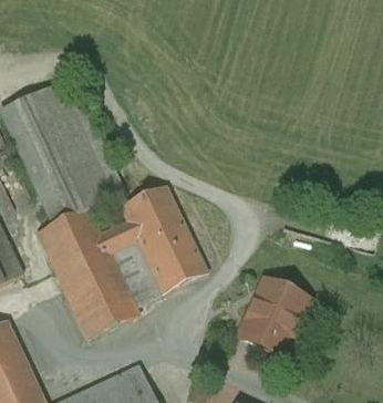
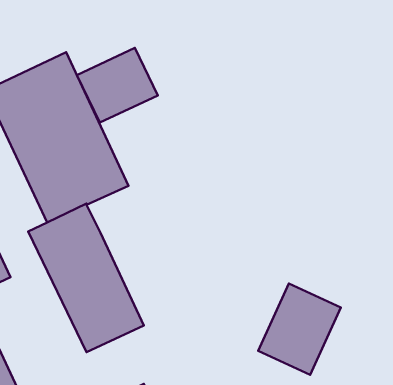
building: none -> [77,48,158,123]
building: [101,184,207,304] -> none

